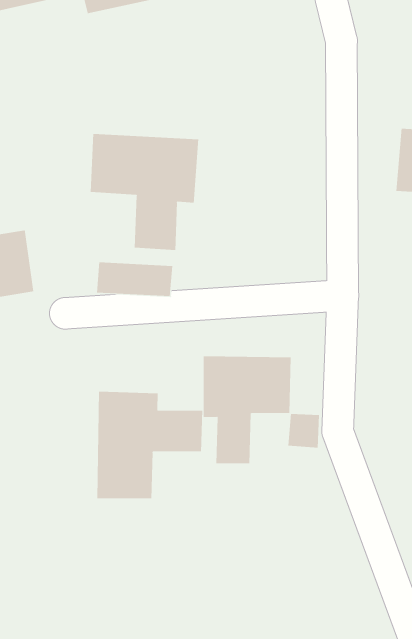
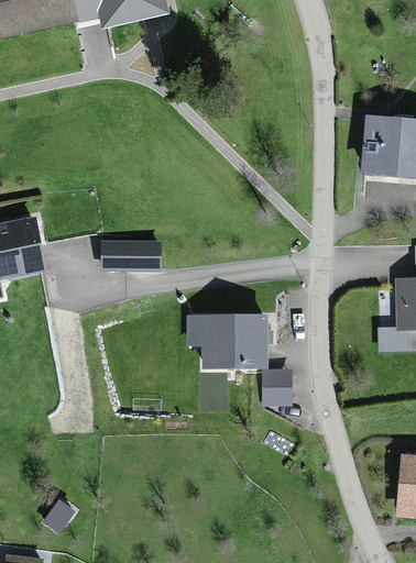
building: [90,133,199,251] -> none
building: [97,391,203,499] -> none

